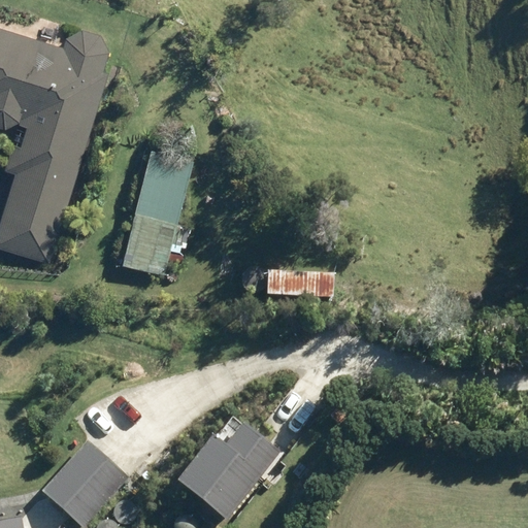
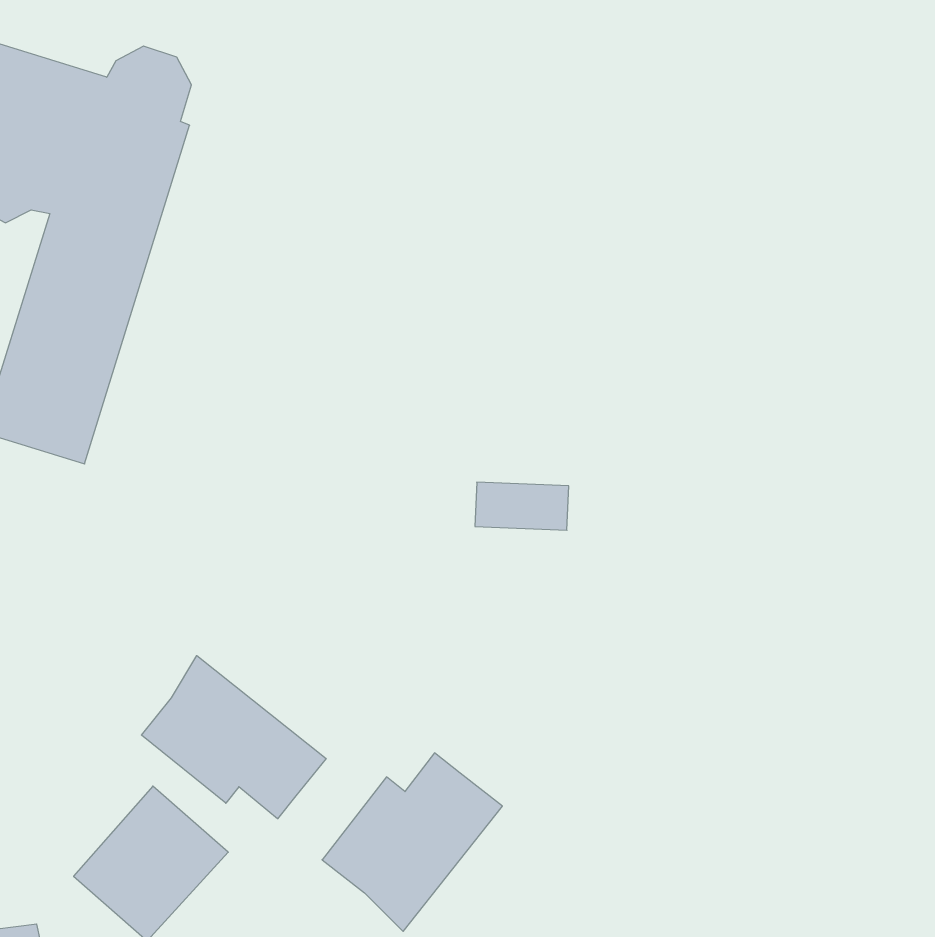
building: [121,148,193,275] -> none
building: none -> [141,656,326,819]

